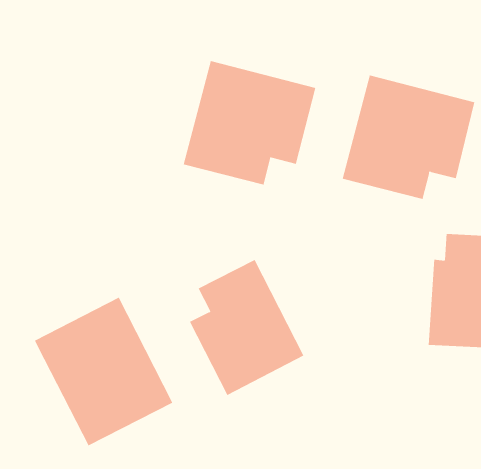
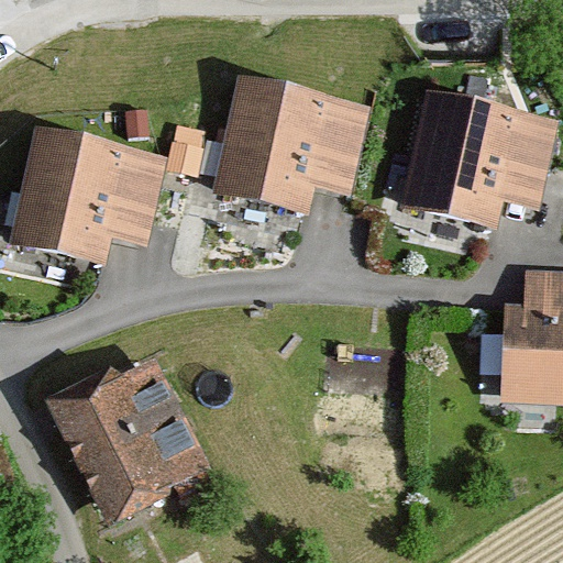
building: none -> [9,122,164,267]
building: [189,259,304,396] -> none

